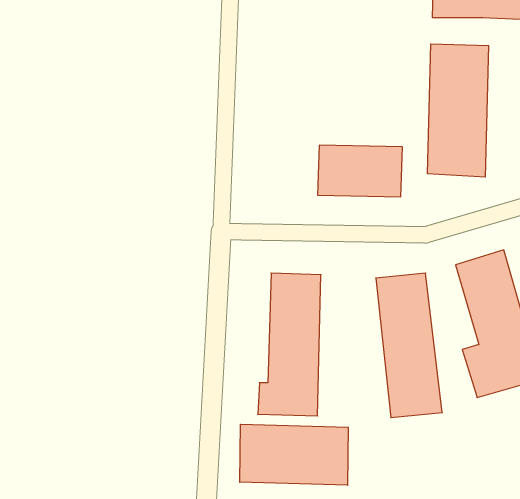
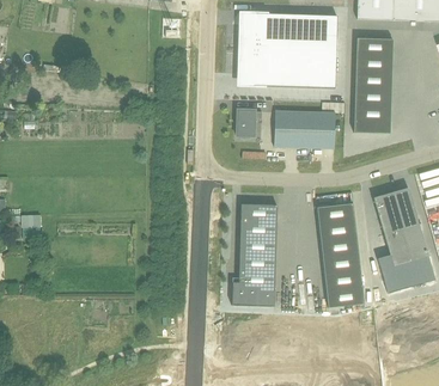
building: none -> [237,12,336,87]
building: none -> [234,109,260,137]
building: [240,424,348,485] -> none

